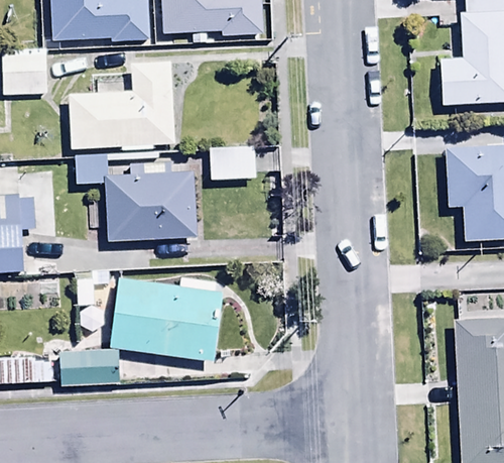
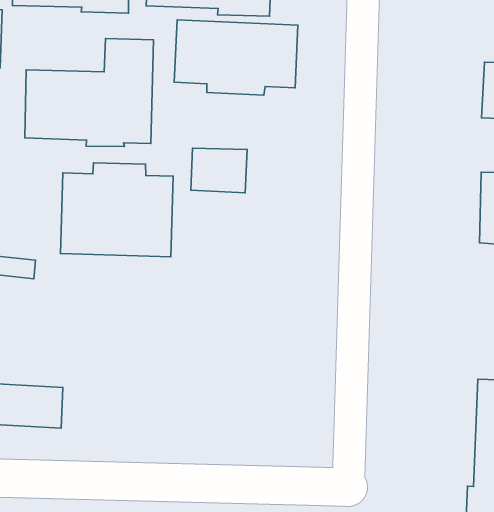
building: none -> [174,20,298,95]
building: [107,276,224,361] -> none

